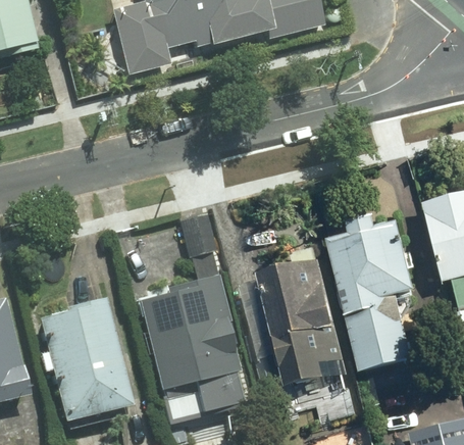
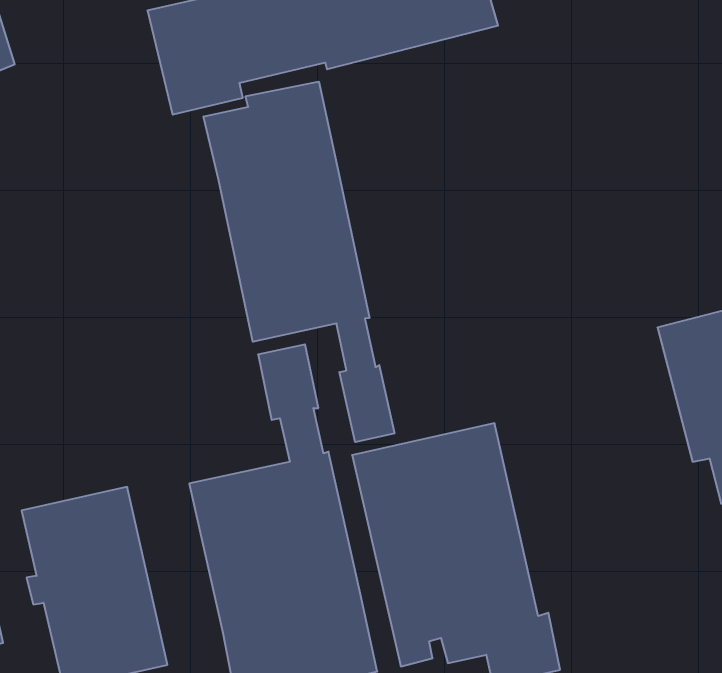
building: none -> [204,82,394,442]
building: [327,215,416,372] -> none

